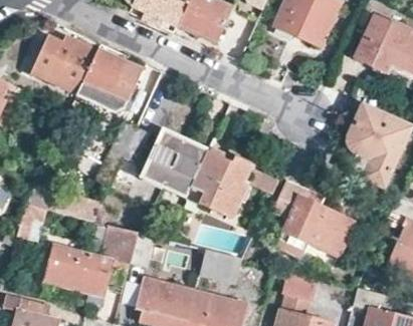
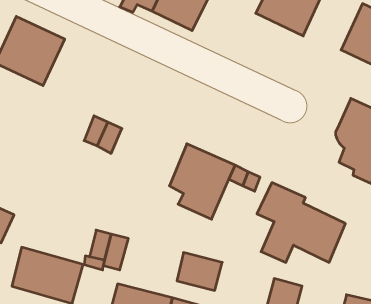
building: [75,50,141,112] -> none
building: [142,126,209,196] -> none

